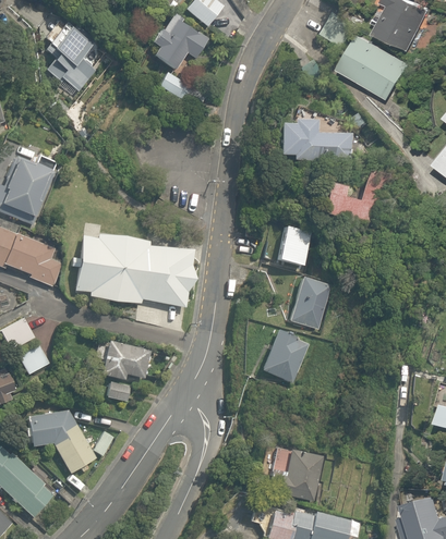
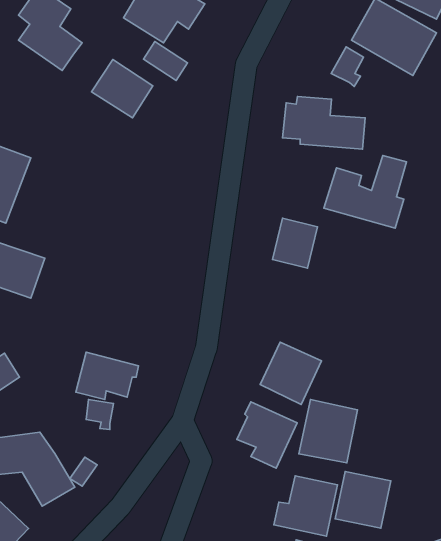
building: none -> [331,47,364,87]
building: none -> [91,59,153,118]
building: [75,232,195,308] -> none
building: [287,274,332,331] -> none
building: none -> [299,400,358,463]
building: none -> [237,402,297,468]
building: none -> [335,471,391,528]

